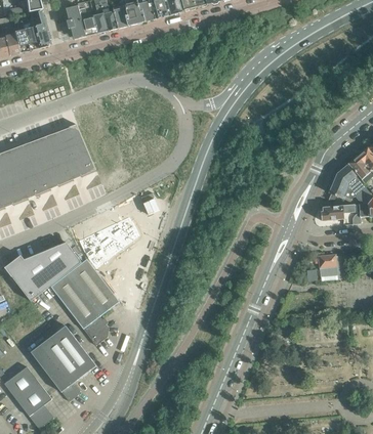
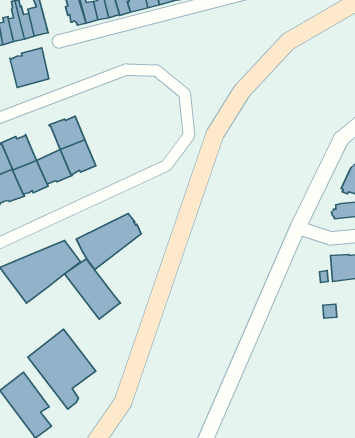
building: none -> [10,48,49,87]
building: [28,133,61,166] -> none
building: [50,273,108,345] -> none

